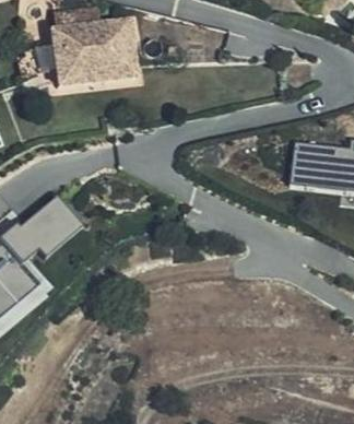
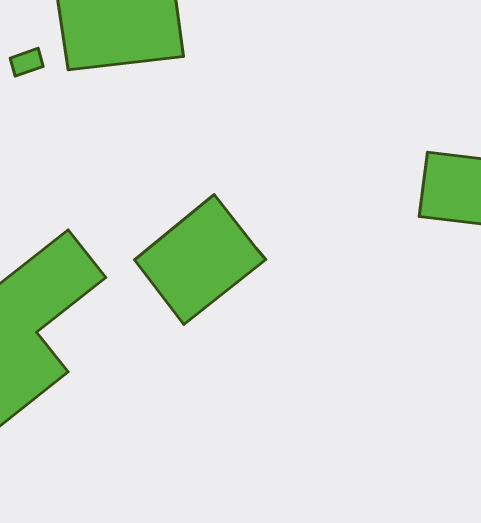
building: none -> [134,195,266,325]

